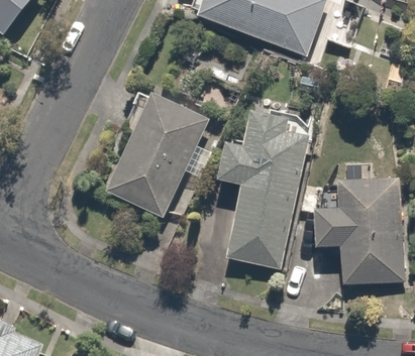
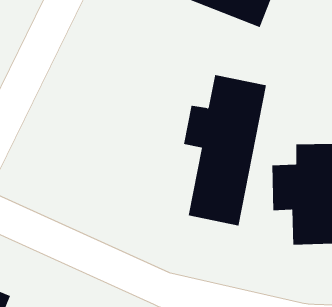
building: [107,92,211,216] -> none

